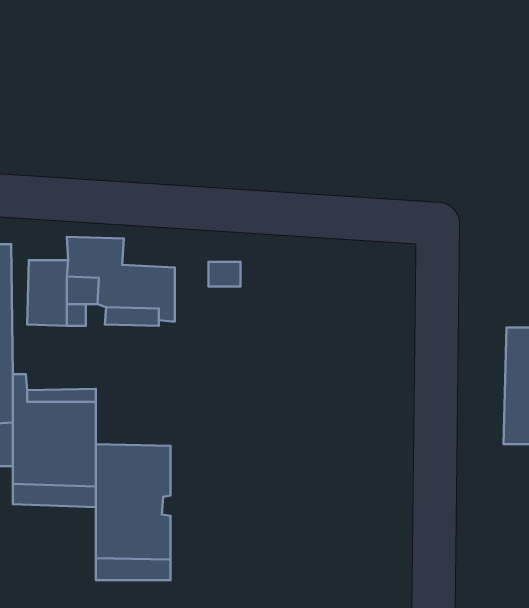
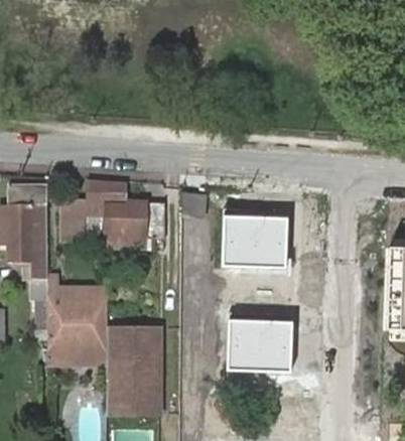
building: none -> [221,208,290,265]
building: none -> [227,307,296,363]

